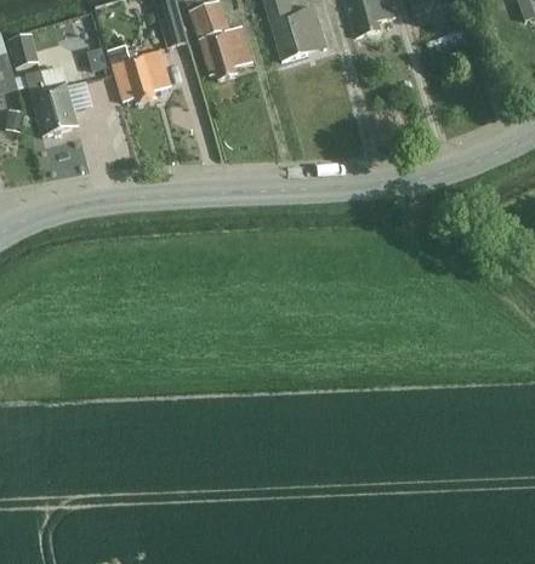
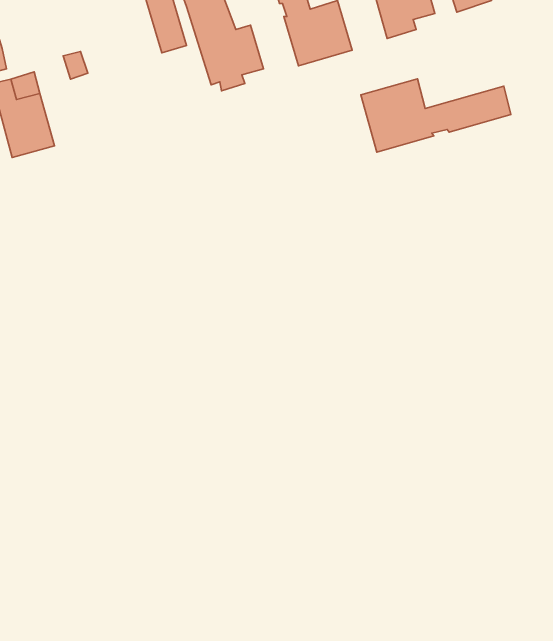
building: [107,41,171,102] -> none
building: none -> [361,79,511,152]

